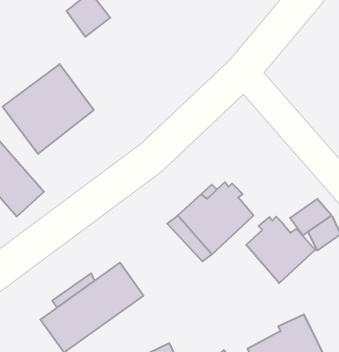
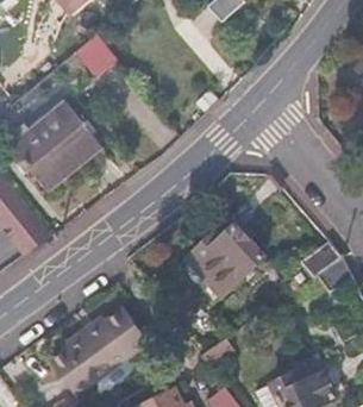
building: [246,217,315,283] -> none

